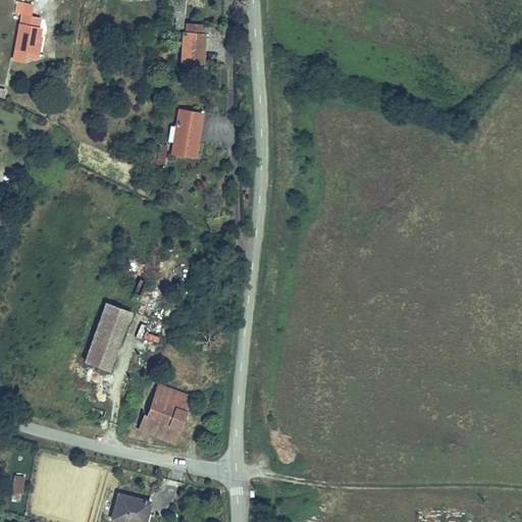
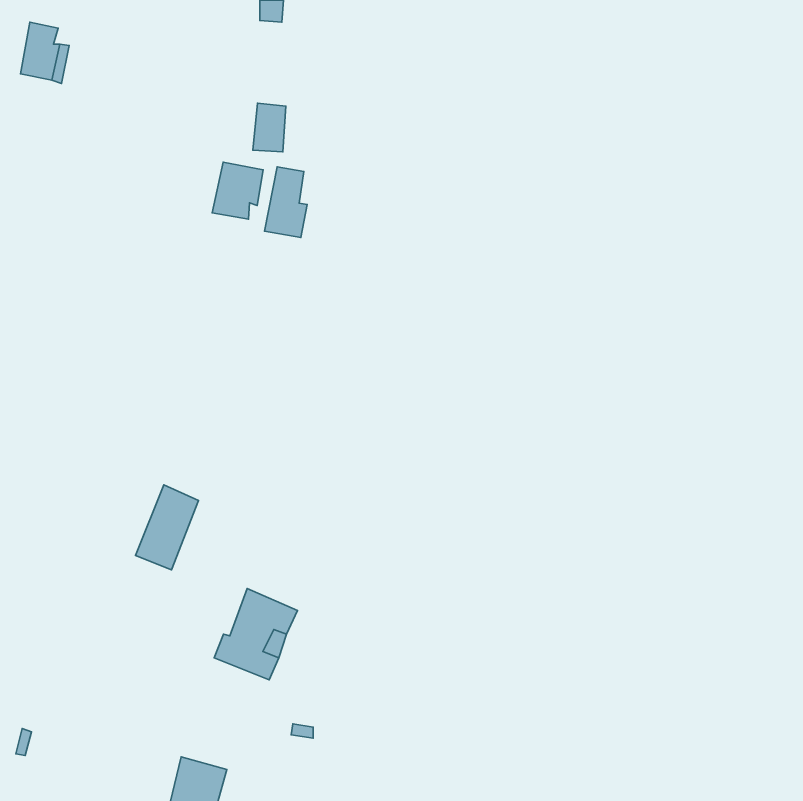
building: [181,32,203,63] -> [253,103,286,152]
building: none -> [212,162,263,219]
building: [106,300,136,326] -> none

